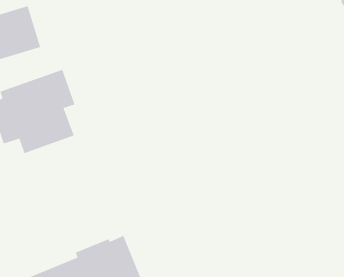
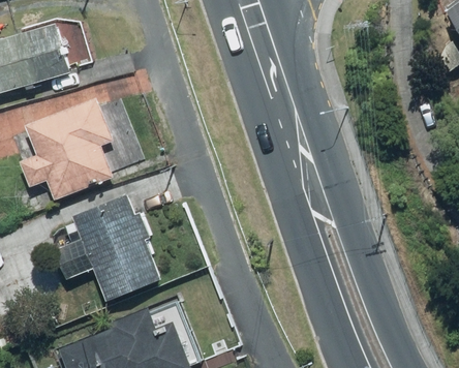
building: none -> [50,196,163,301]

